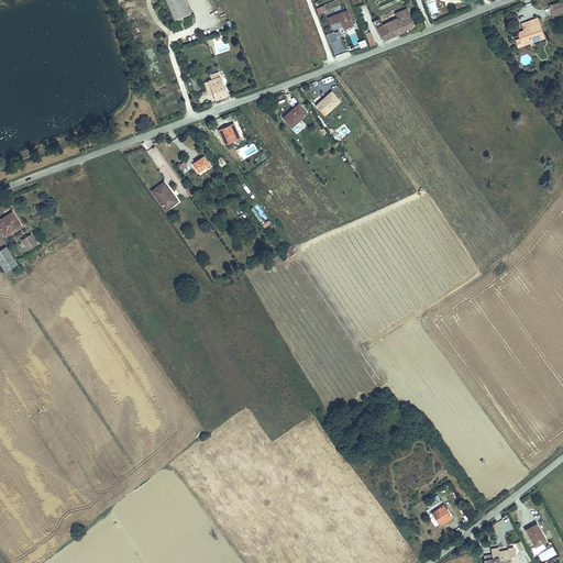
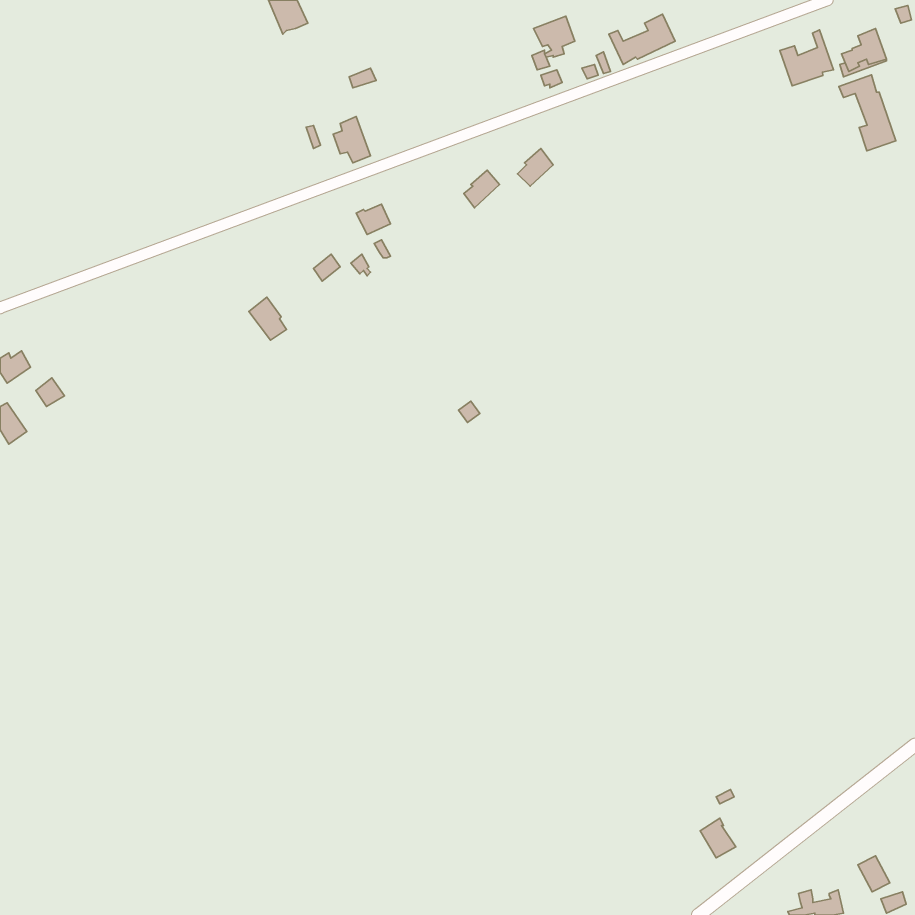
building: none -> [780,30,833,86]
building: none -> [839,75,896,151]

